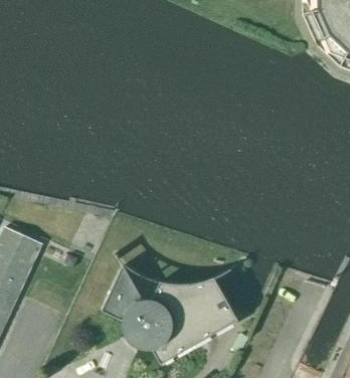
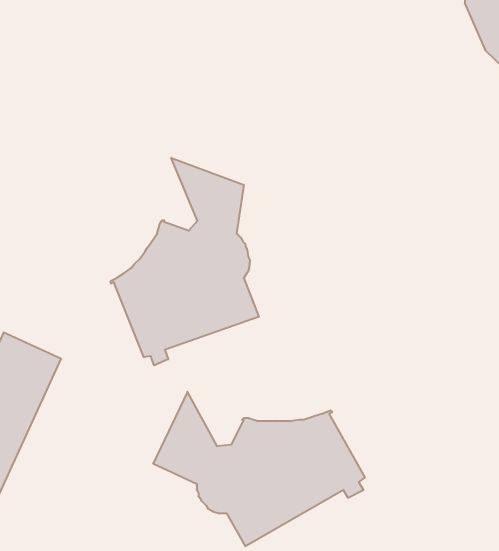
building: none -> [111,158,259,365]

